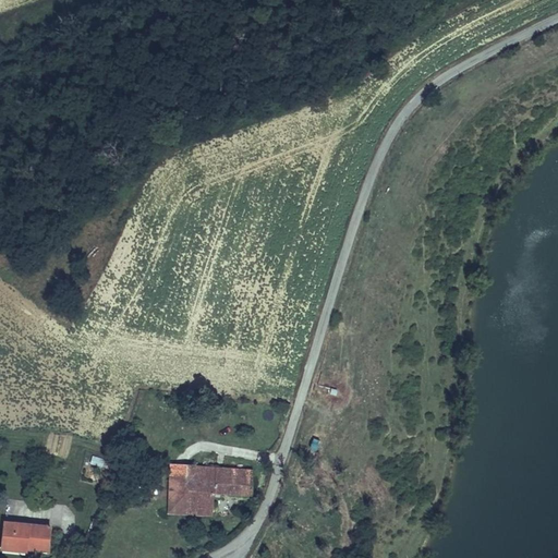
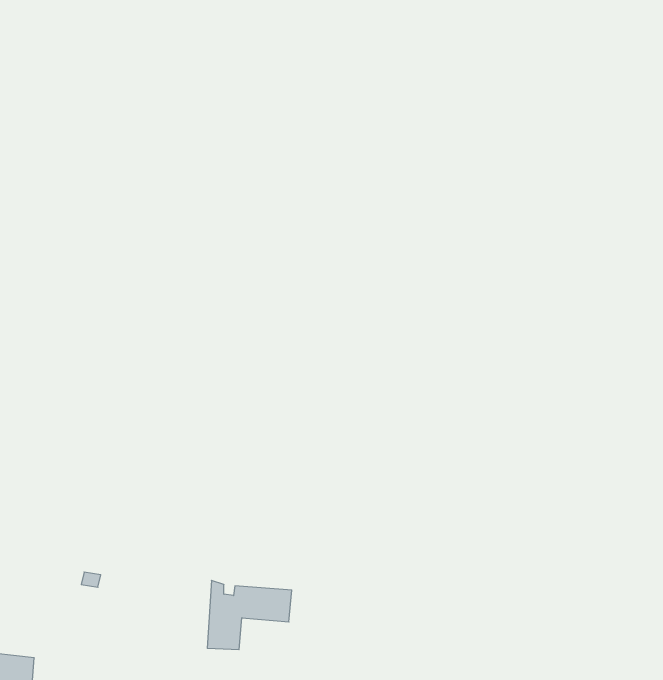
building: [166,461,191,517] -> none

